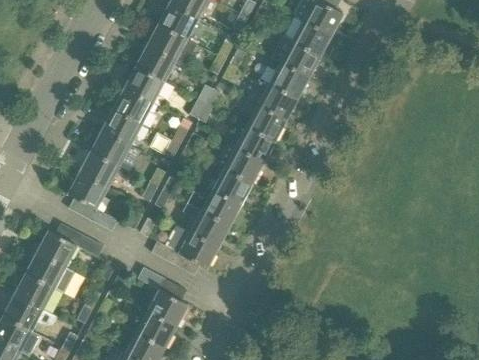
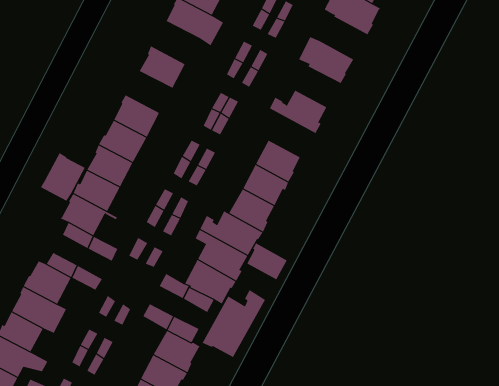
building: [291,20,332,57] -> none
building: [145,24,196,66] -> none
building: [269,63,309,98] -> none
building: [123,67,164,103] -> none
building: [240,99,287,141] -> none
building: none -> [40,152,85,202]
building: none -> [247,243,288,280]
building: none -> [202,289,266,358]

